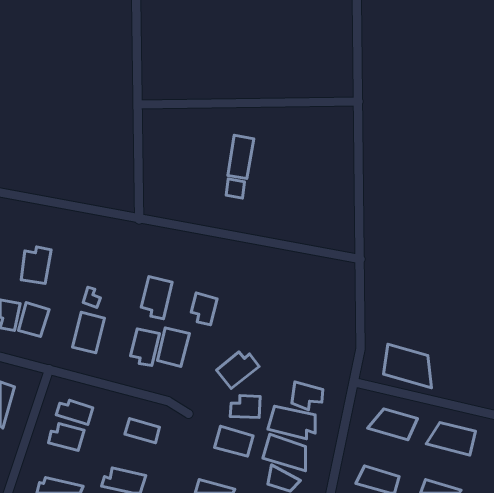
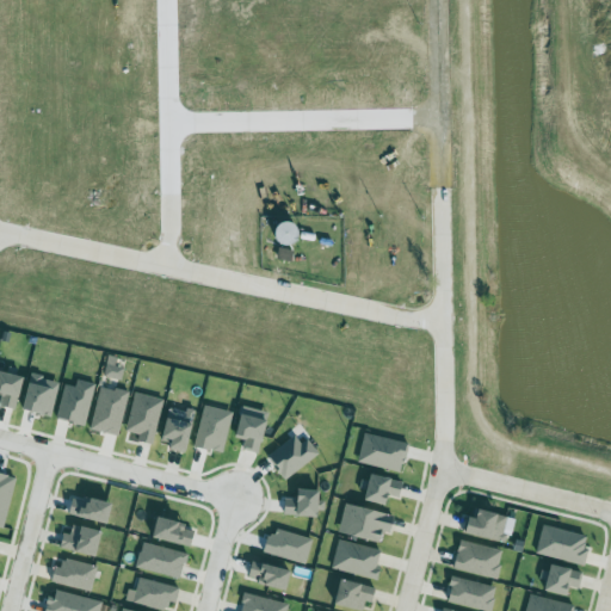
building: [228,135,254,179] -> none
building: [21,247,51,284] -> [57,378,94,424]
building: [141,276,172,319] -> [125,391,163,444]
building: [191,293,217,325] -> [236,413,269,452]
building: [383,344,431,388] -> none
building: none -> [354,428,412,471]
building: none -> [449,537,500,575]
building: none -> [136,541,187,578]
building: none -> [51,556,98,591]
building: none -> [537,558,579,592]
building: none -> [248,560,294,590]

